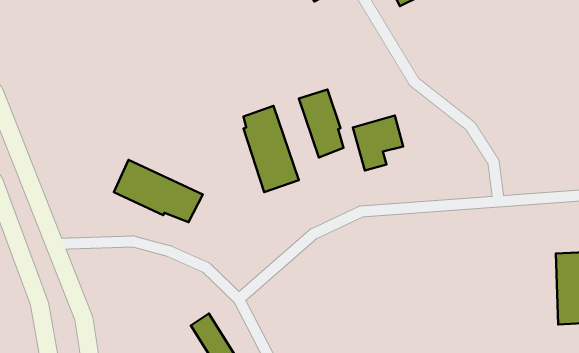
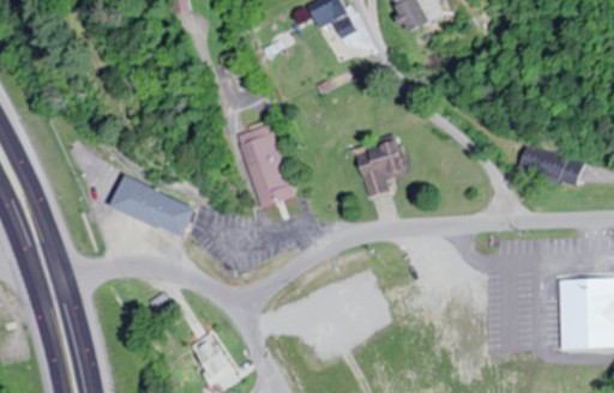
building: [299,89,343,157] -> none
building: none -> [512,143,577,185]

